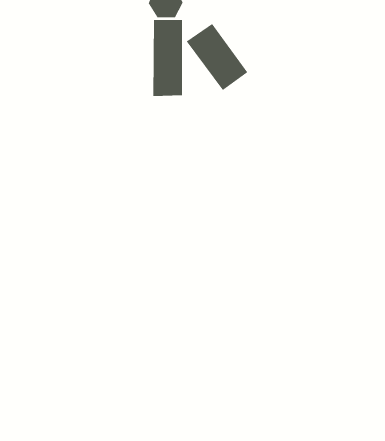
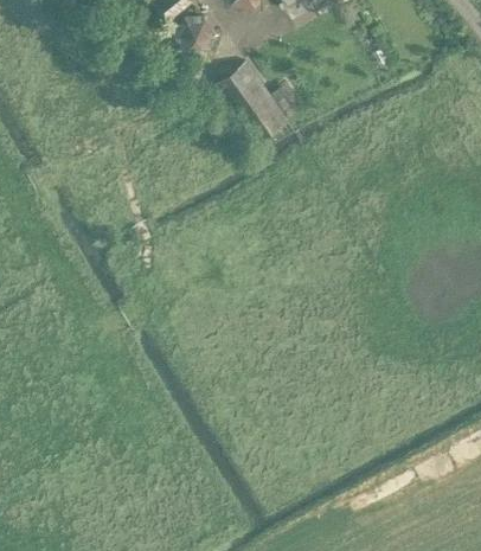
building: [153,19,183,97] -> none

